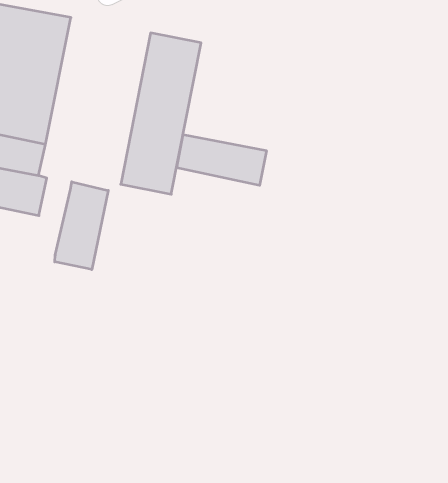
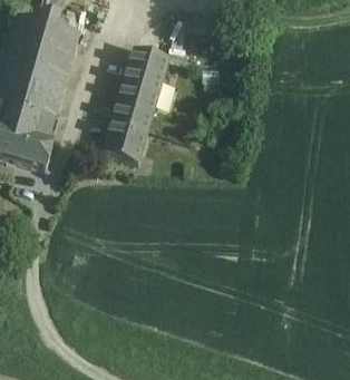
building: [177,134,266,185] -> none
building: [55,182,108,270] -> none

